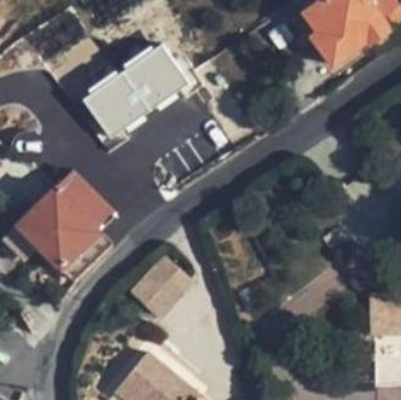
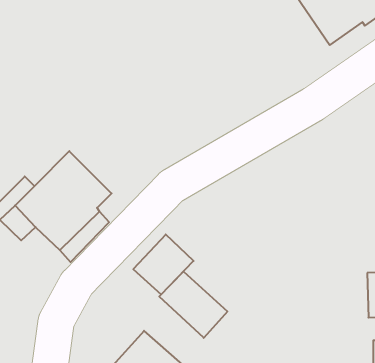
building: [81,39,193,137] -> none
building: none -> [159,271,227,338]

